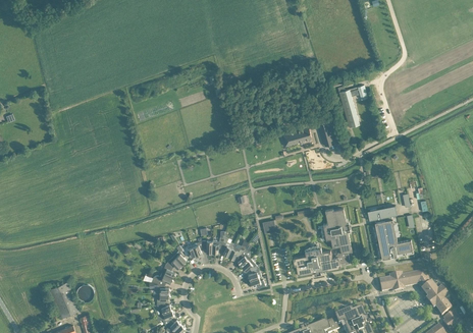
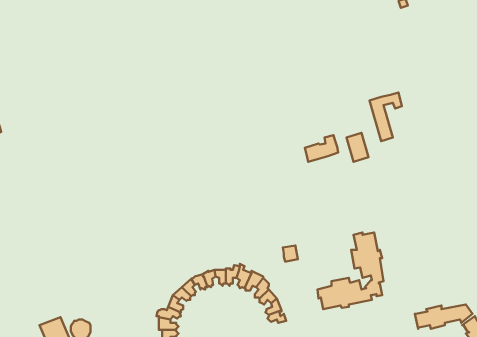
building: [367,204,412,258] -> none

